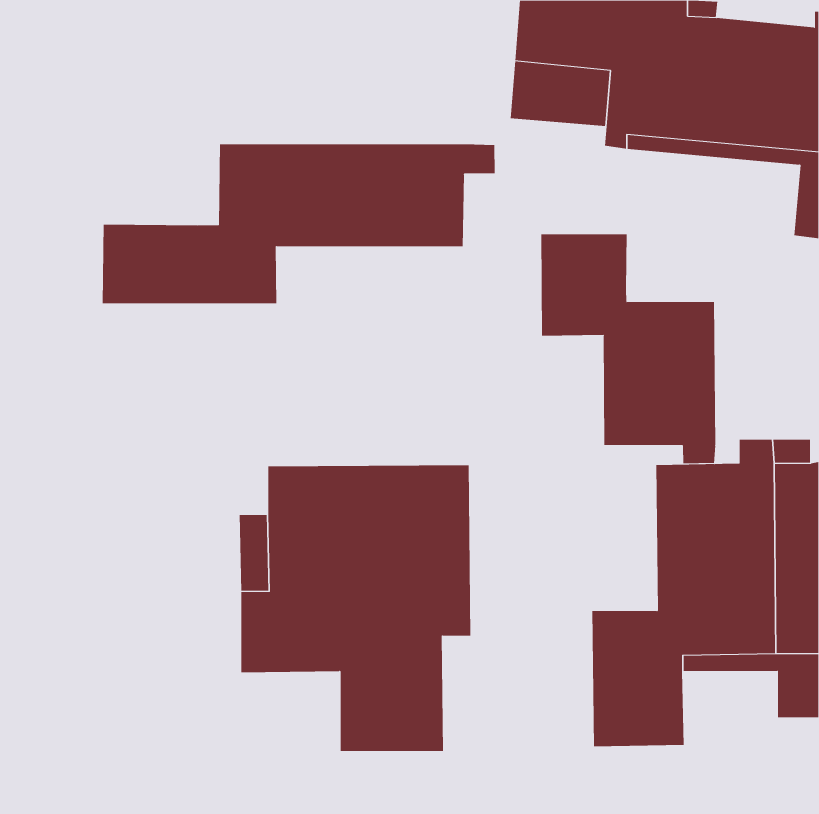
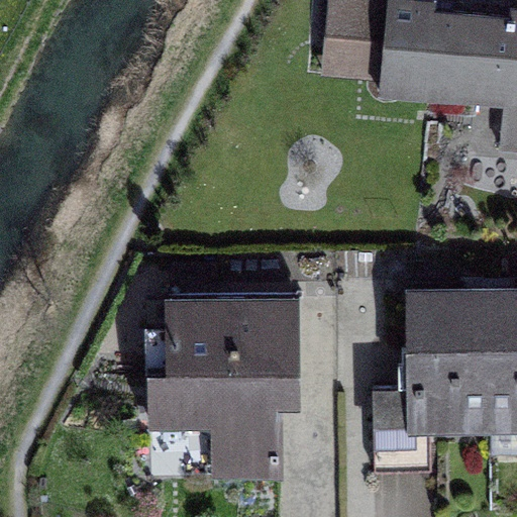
building: [102,143,495,304] -> none
building: [541,234,716,464] -> none

